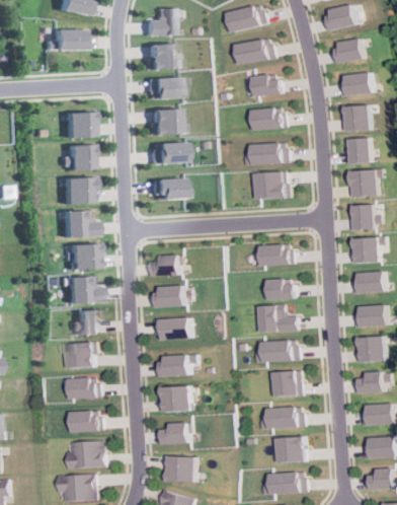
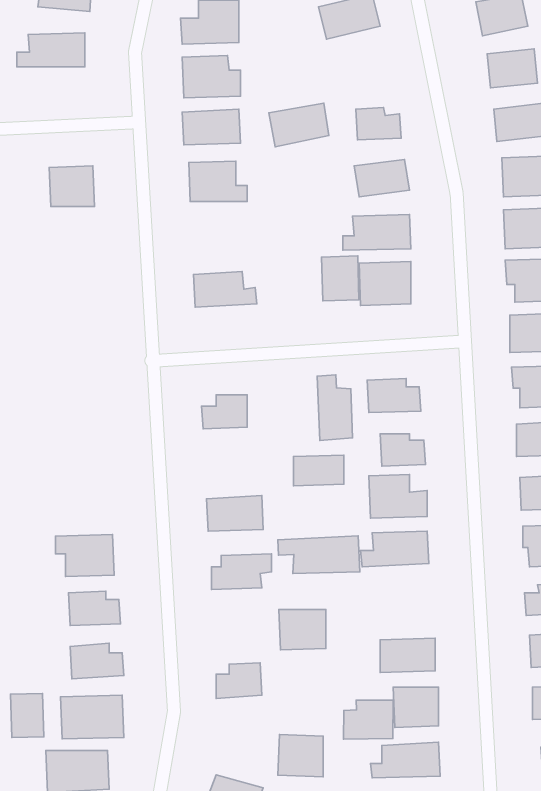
building: [236,38,273,65] -> [269,103,329,147]
building: [148,142,183,164] -> none
building: [62,144,90,170] -> none
building: none -> [321,256,359,301]
building: [58,176,91,204] -> none
building: [58,210,94,236] -> none
building: none -> [317,375,353,440]
building: [65,243,94,269] -> none
building: [62,276,98,303] -> none
building: [156,287,187,306] -> [293,455,344,486]
building: [72,309,100,335] -> none
building: none -> [278,536,360,573]
building: [272,371,300,396] -> none
building: [164,386,193,412] -> [279,609,326,650]
building: none -> [11,693,44,737]
building: none -> [343,700,393,739]
building: [168,455,196,482] -> [278,735,323,777]

